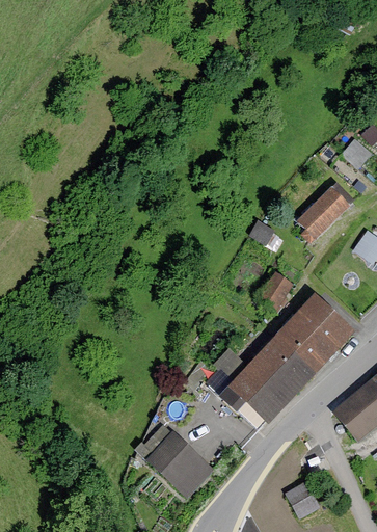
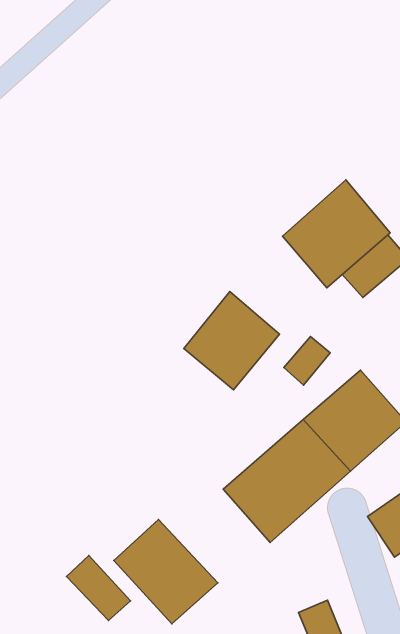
building: none -> [282,180,390,288]
building: none -> [184,292,280,390]
building: none -> [67,555,131,621]

